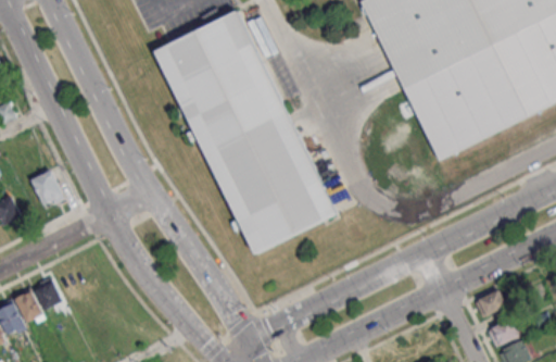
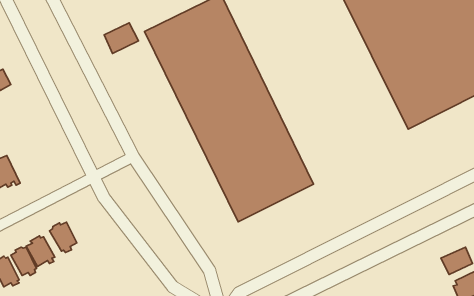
building: none -> [104,23,138,53]
building: [30,168,64,203] -> none
building: none -> [50,222,77,253]

